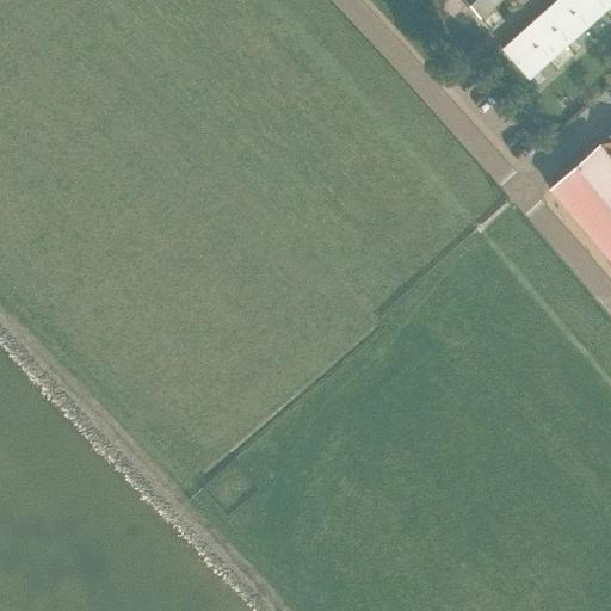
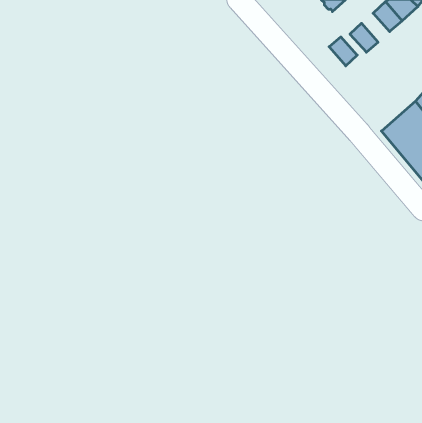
building: [523,19,563,61] -> [329,37,357,66]

